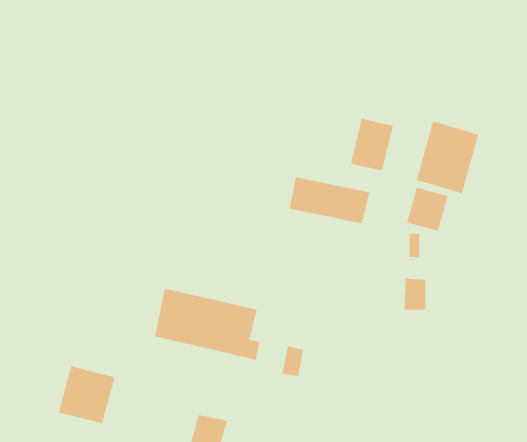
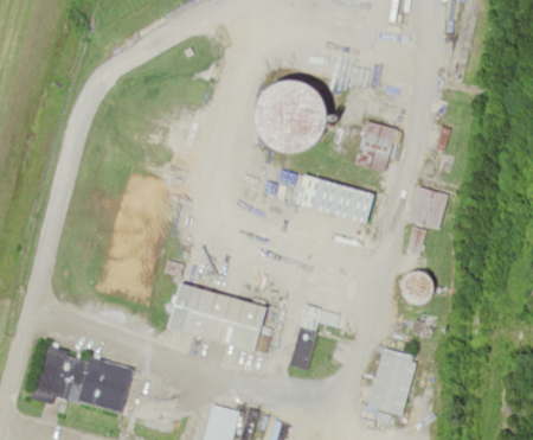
building: none -> [259,79,325,158]
building: [416,120,479,194] -> none
building: none -> [36,345,83,400]
building: none -> [370,352,417,414]

